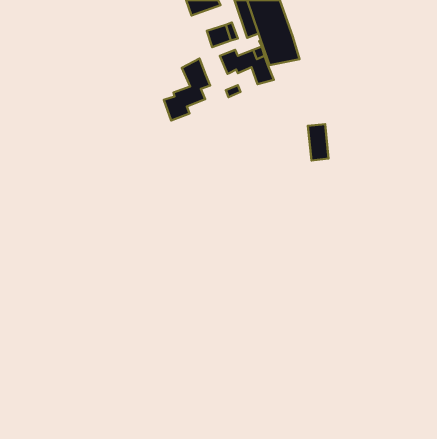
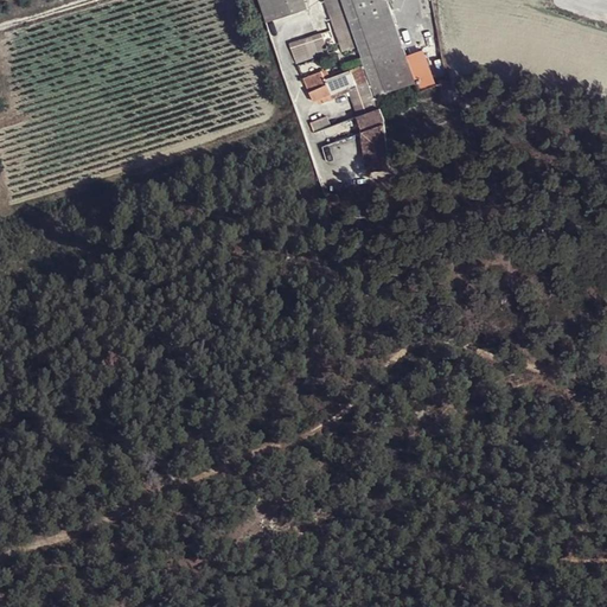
building: none -> [404,45,433,90]
building: [164,59,210,121] -> none
building: [308,124,329,160] -> [356,114,384,164]

